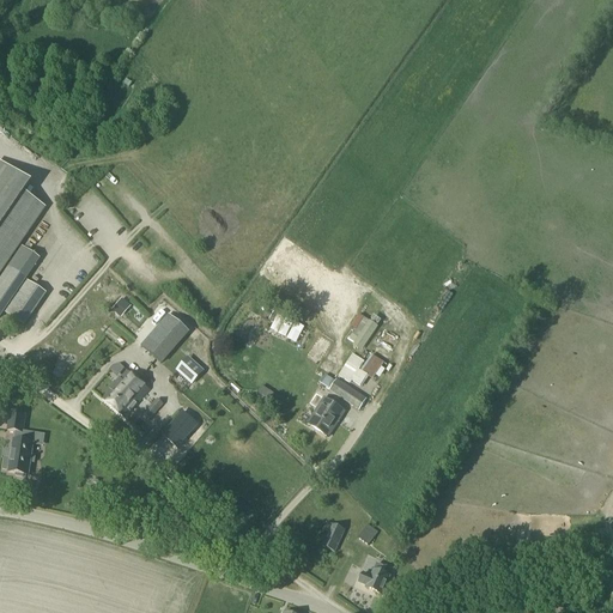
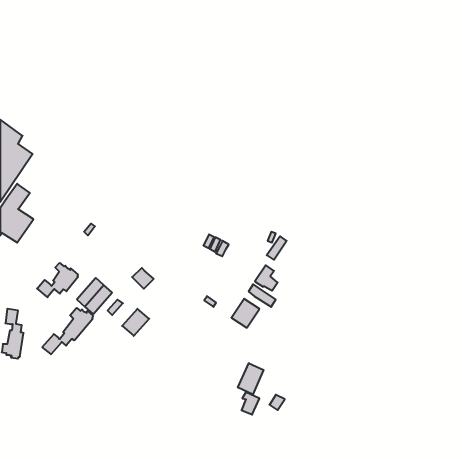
building: [140,311,188,360] -> none
building: none -> [37,263,78,297]
building: none -> [42,308,93,354]
building: none -> [238,363,264,395]
building: [357,560,390,591] -> none

